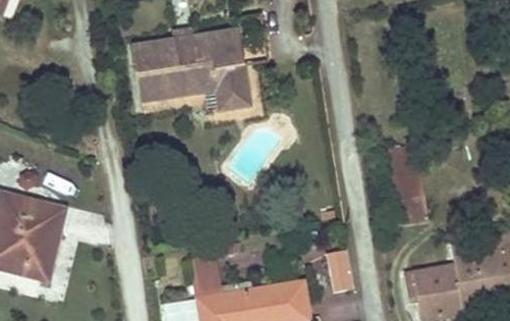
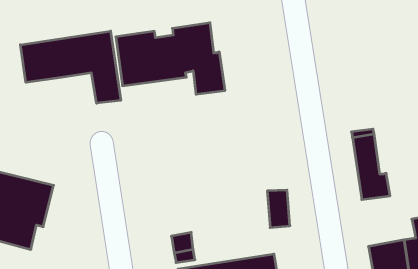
building: none -> [20,31,121,103]
building: [330,250,354,290] -> [267,190,290,228]

